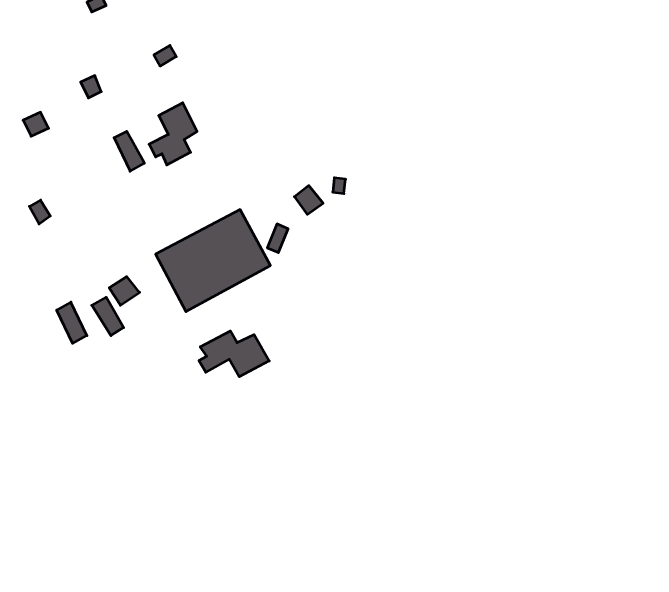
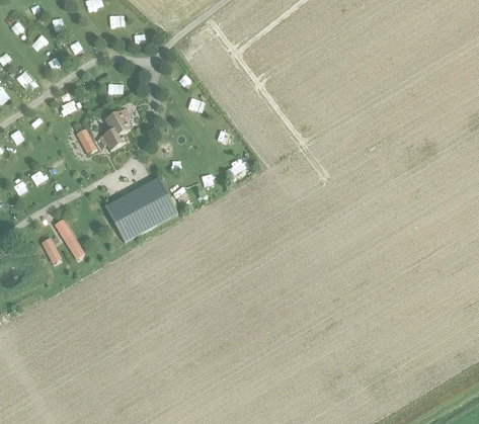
building: [199,331,269,377] -> none

